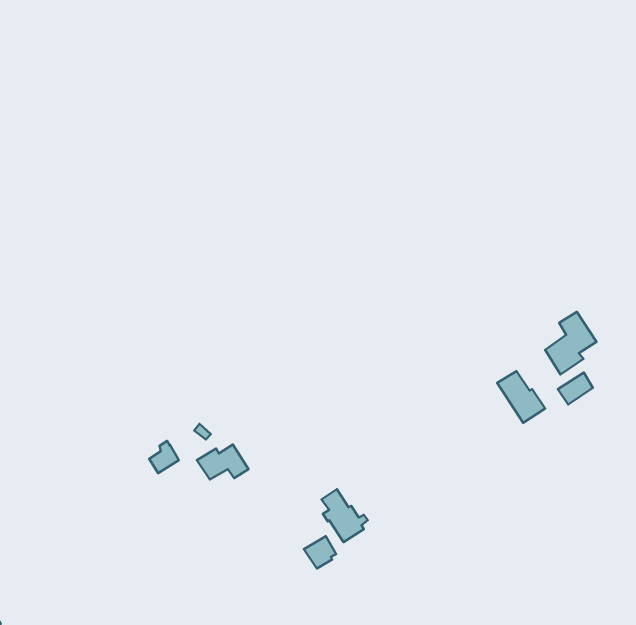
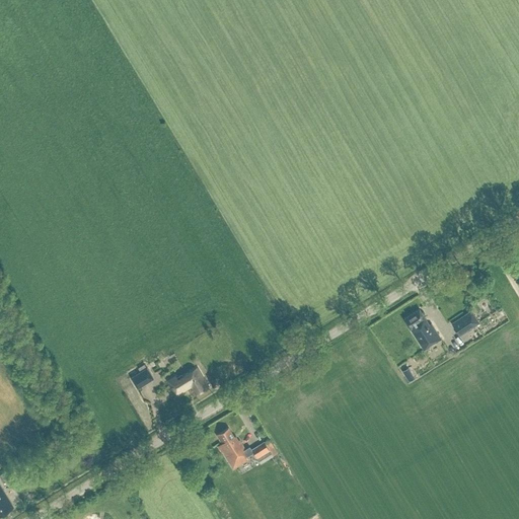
building: [545,312,596,375] -> none
building: [321,489,368,542] -> [216,429,252,470]

